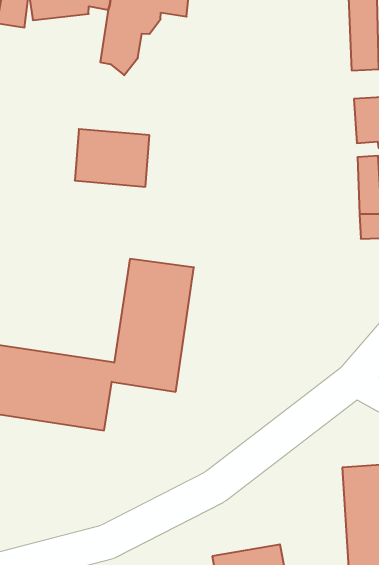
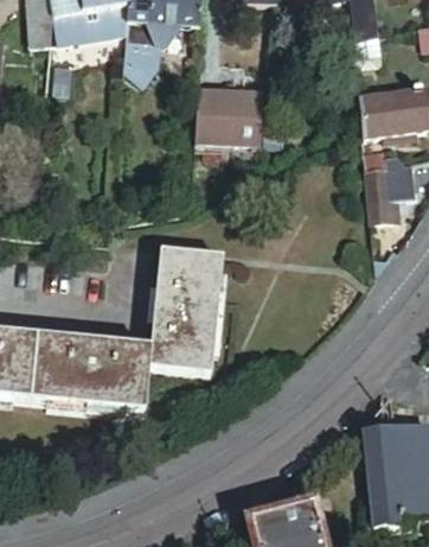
building: [75,129,149,187] -> [194,93,261,142]

